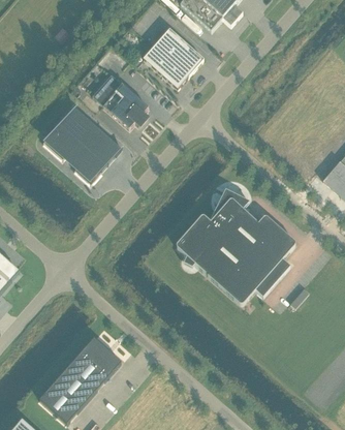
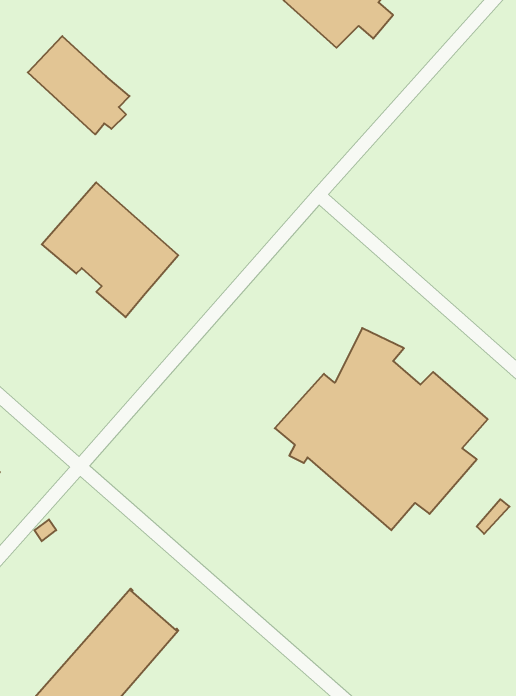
building: [144,28,203,88] -> none
building: [92,71,150,127] -> [28,36,130,134]

